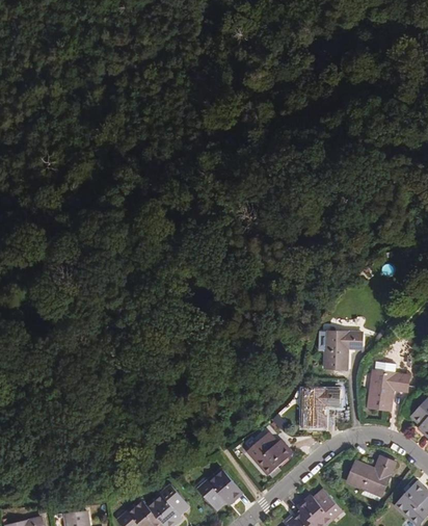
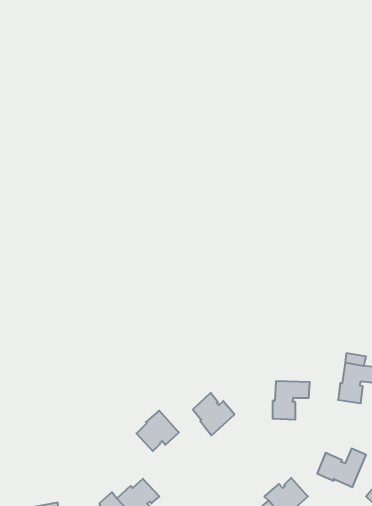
building: [322,333,362,370] -> none
building: [249,432,291,475] -> [193,393,234,435]
building: [198,470,241,510] -> [136,411,179,451]

